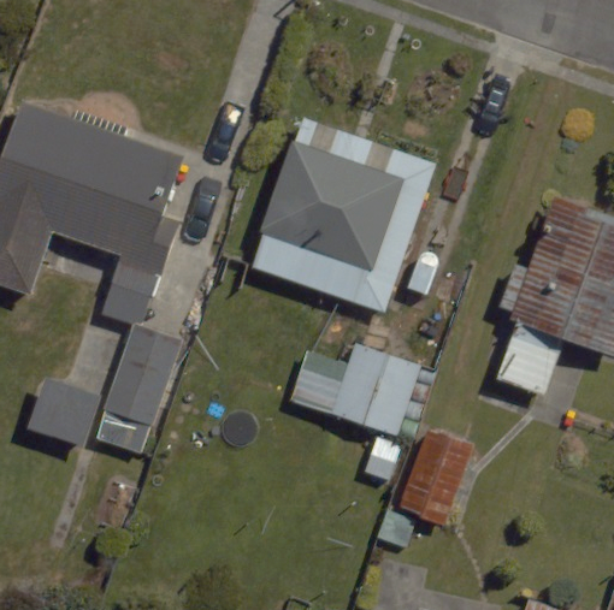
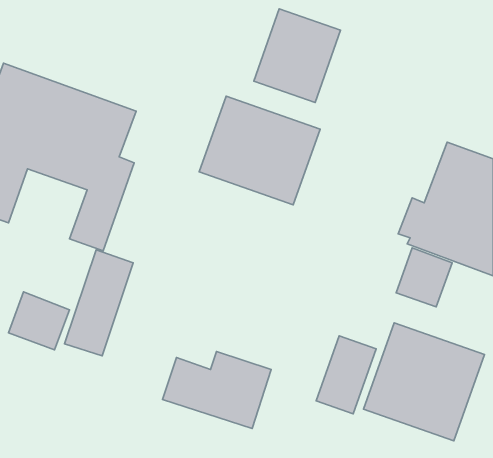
building: none -> [254,9,341,103]
building: [289,344,420,437] -> [162,352,271,429]
building: none -> [364,323,484,441]

